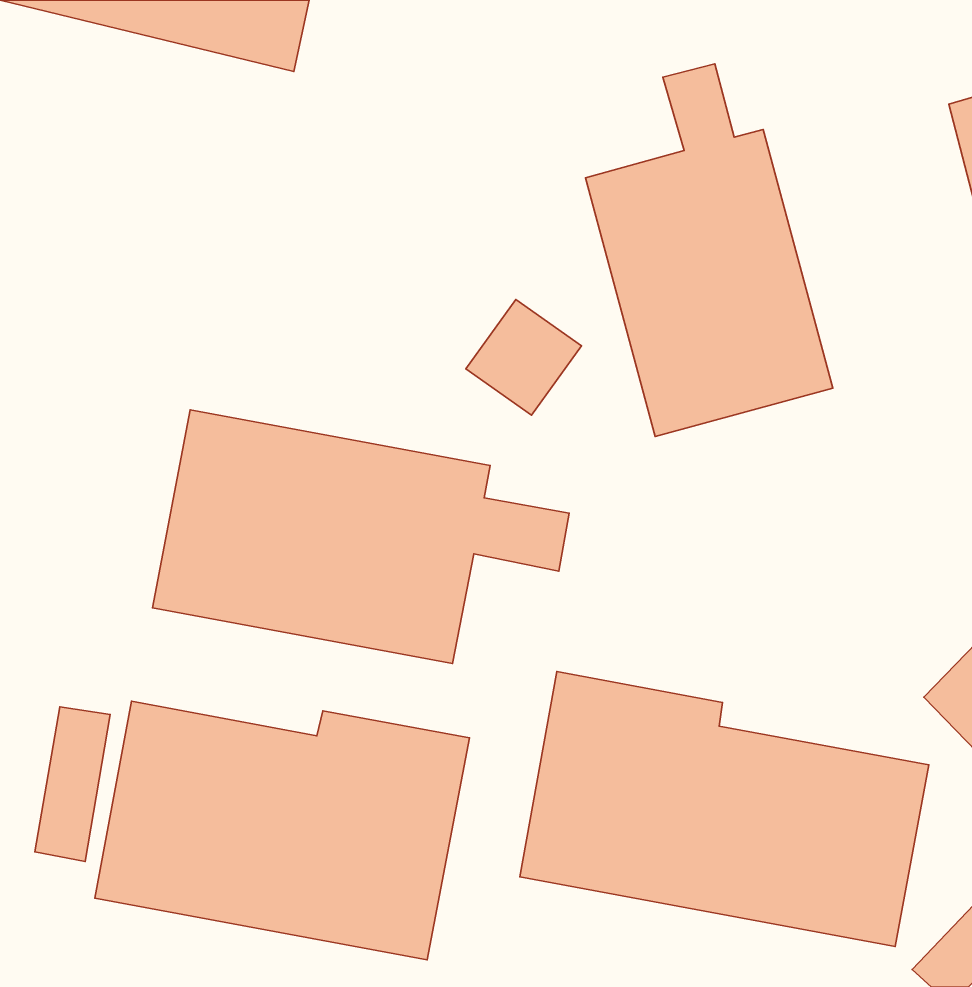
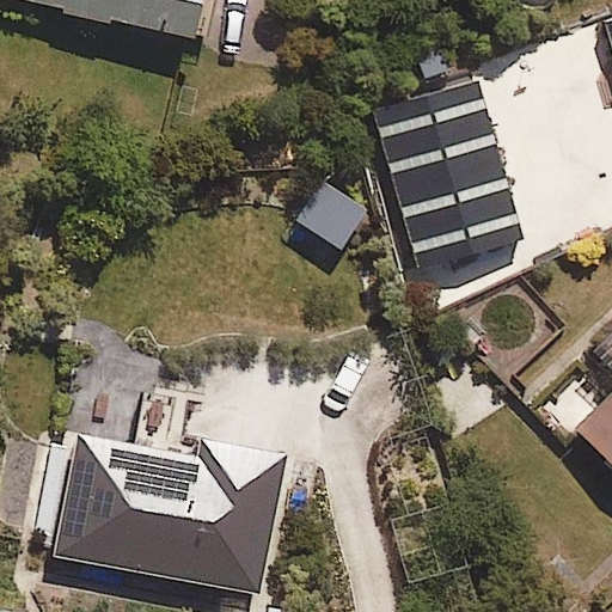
building: [153,410,569,664] -> none
building: [520,671,929,947] -> none

